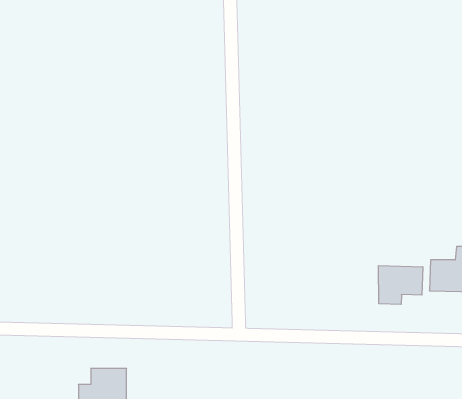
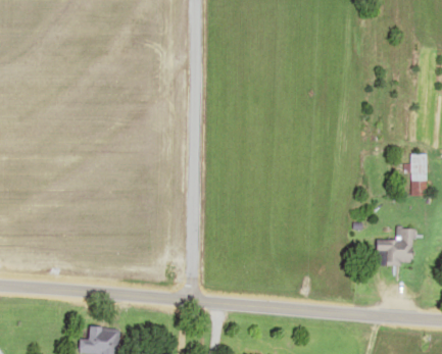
building: [378,266,423,304] -> none

